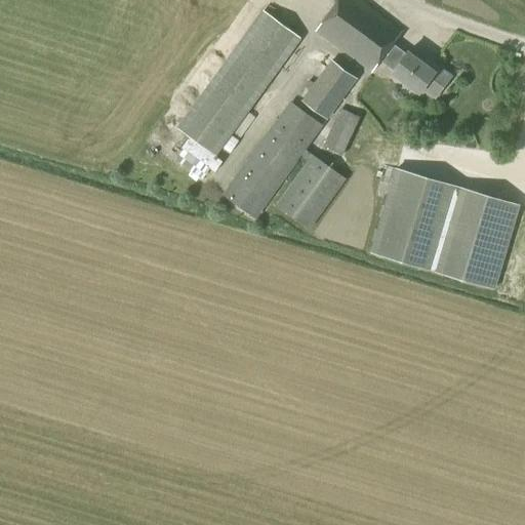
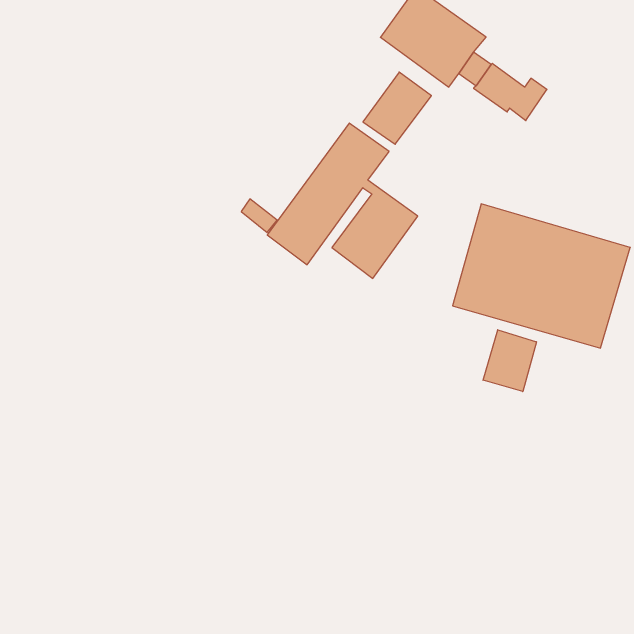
building: [177,11,299,156] -> none
building: [322,108,359,155] -> none
building: none -> [483,330,536,392]

